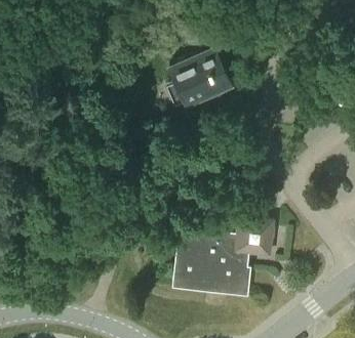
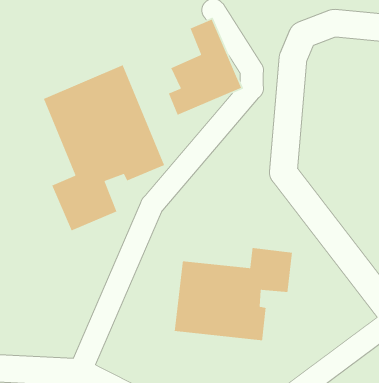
building: none -> [43,64,165,232]

